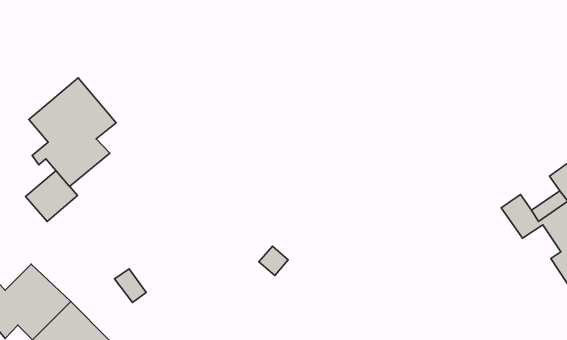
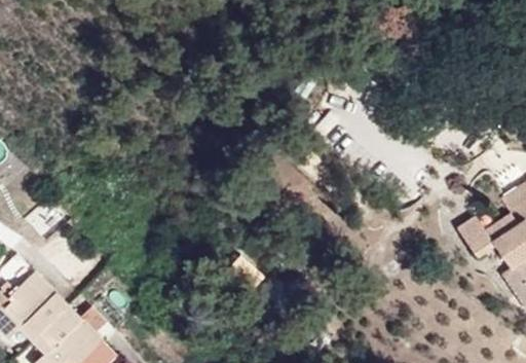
building: [29,78,116,186] -> none

